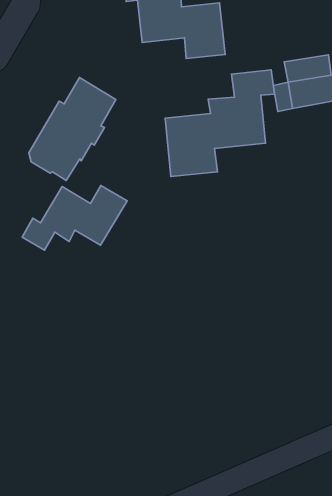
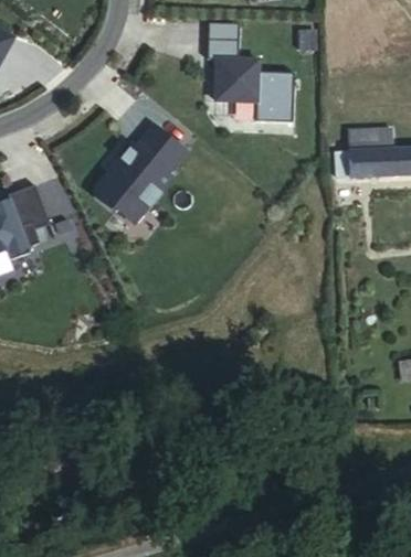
building: [165,70,274,177] -> none
building: [22,185,127,250] -> none

